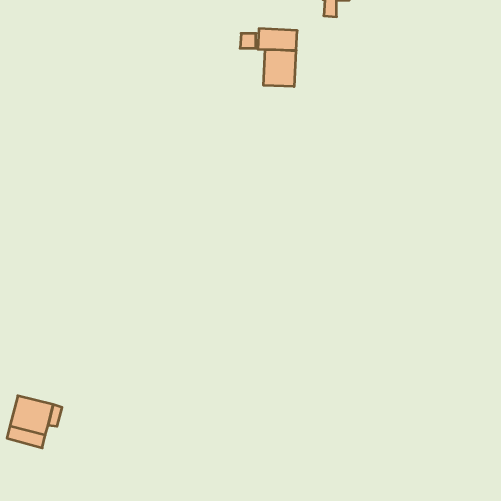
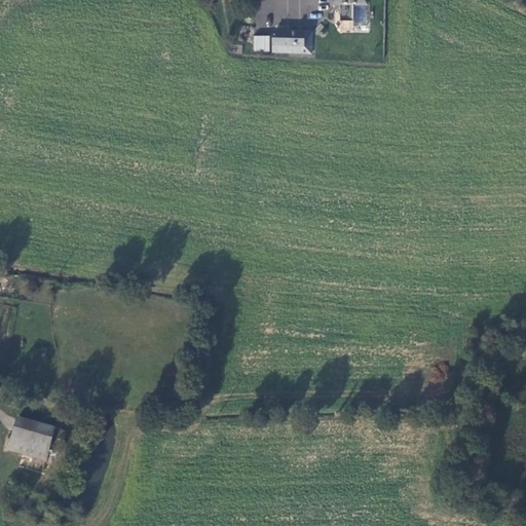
building: [264,50,296,87] -> none

